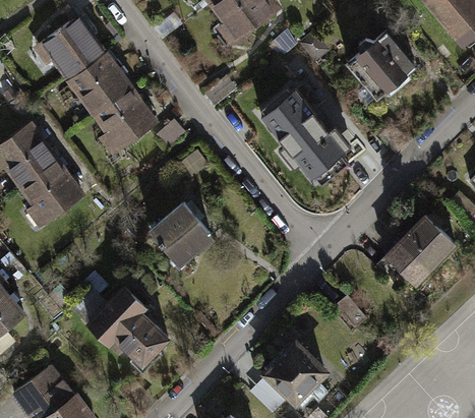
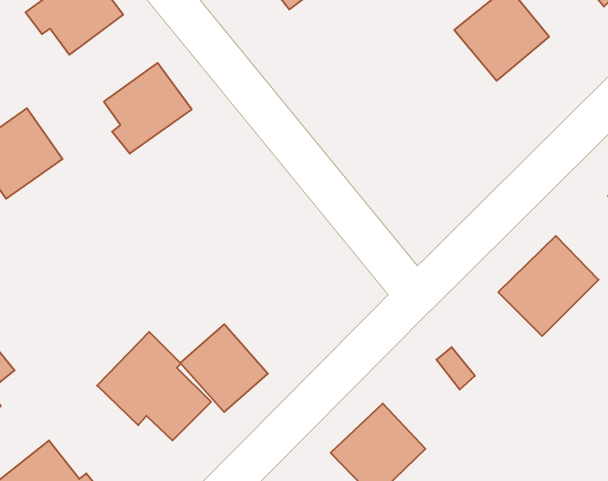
building: [66,51,131,115] -> none
building: [255,76,352,178] -> none
building: [19,158,87,229] -> none
building: [150,201,215,266] -> [180,324,268,412]

